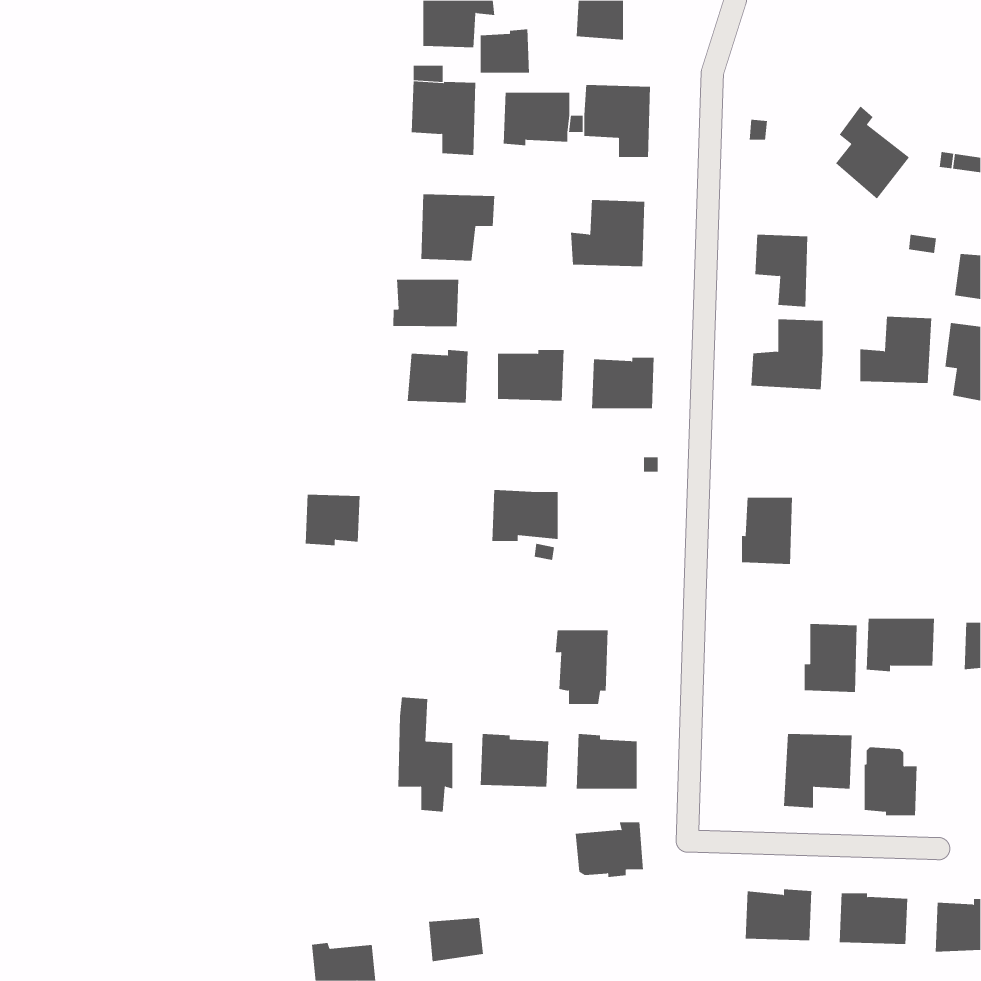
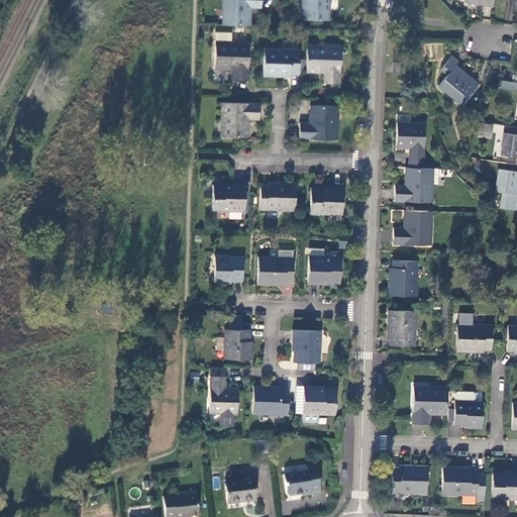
building: [480,29,530,74] -> none
building: [393,279,459,327] -> none
building: [859,316,932,383] -> [394,210,432,245]
building: none -> [309,256,341,285]
building: [305,494,361,546] -> [215,256,244,284]
building: [804,623,858,692] -> [387,311,415,347]
building: none -> [224,330,252,359]
building: [575,822,644,878] -> [283,470,319,499]

